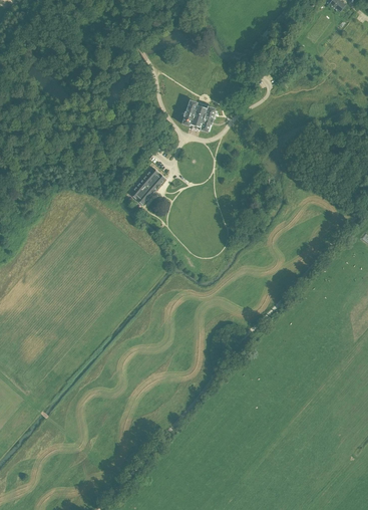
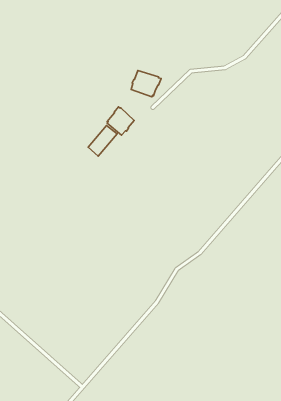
building: none -> [107,107,134,135]

